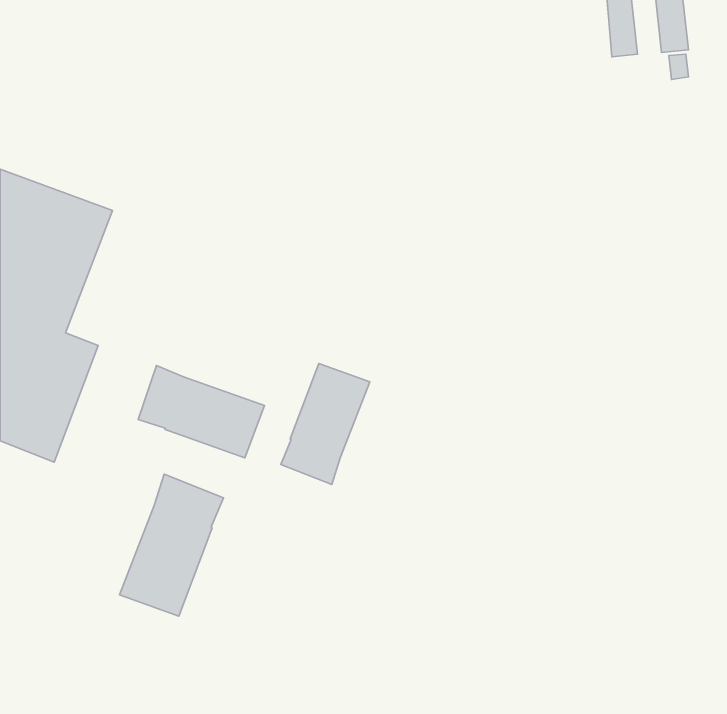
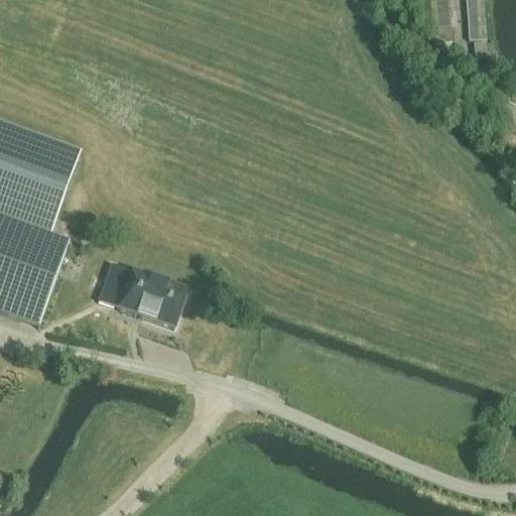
building: [281,363,370,485] -> none
building: [120,474,223,616] -> none

